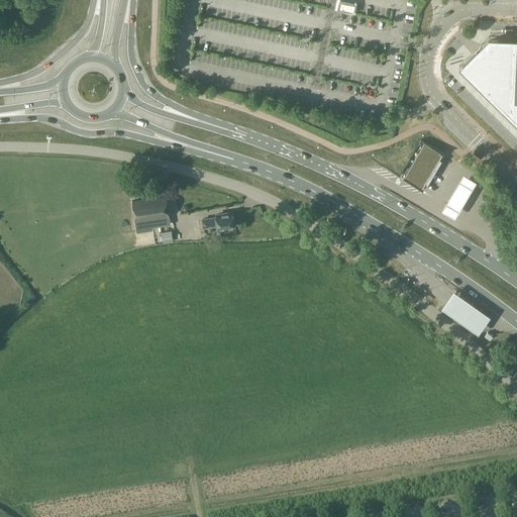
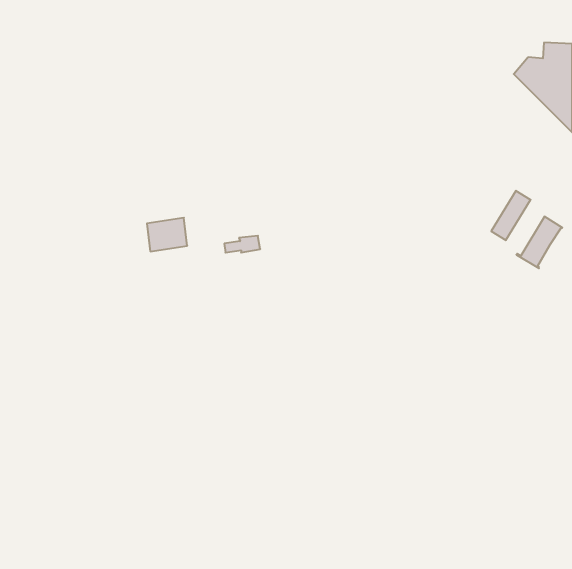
building: [402,147,443,194] -> [516,217,562,268]
building: [443,294,491,335] -> none

